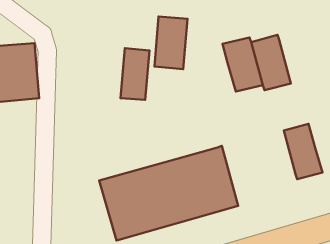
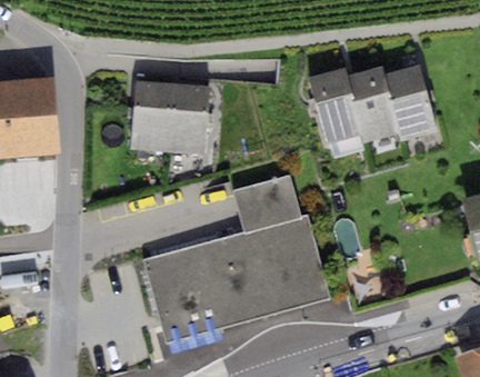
building: [155,16,187,69] -> [131,80,176,151]
building: none -> [233,176,301,234]
building: [284,124,323,179] -> [384,63,437,138]

